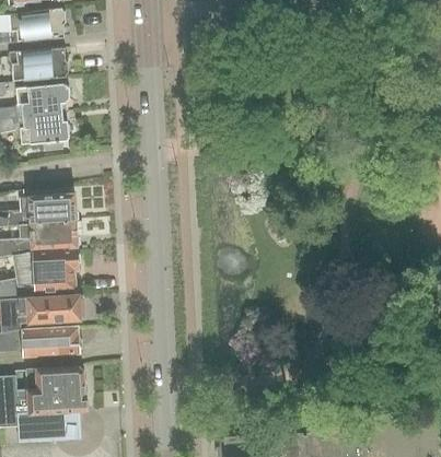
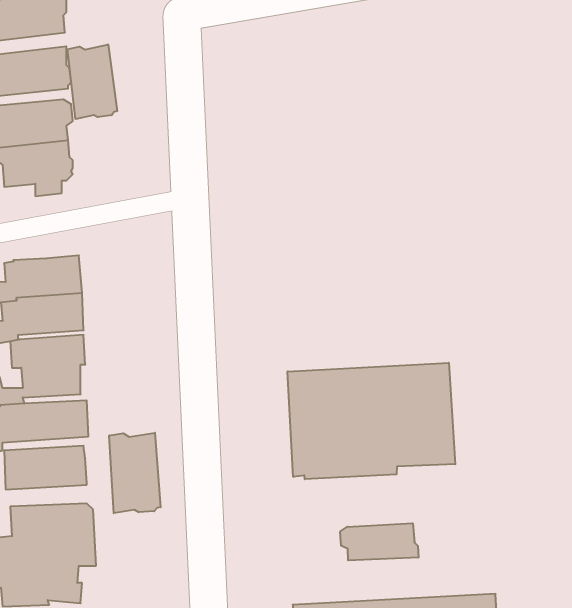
building: none -> [67,44,117,119]
building: none -> [288,363,455,479]
building: none -> [109,433,161,513]
building: none -> [340,523,418,560]

